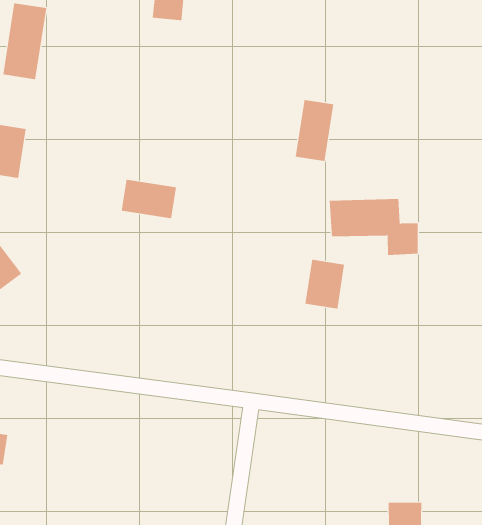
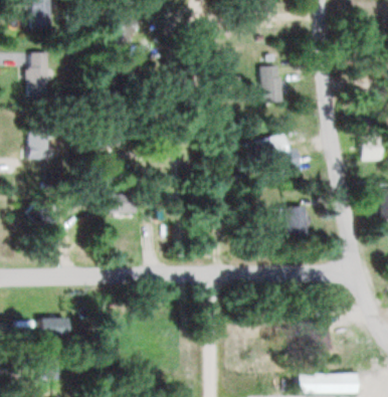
building: [295,99,334,161] -> [263,66,282,103]
building: [121,179,177,219] -> [104,193,136,213]
building: [305,259,345,309] -> [286,206,308,234]

